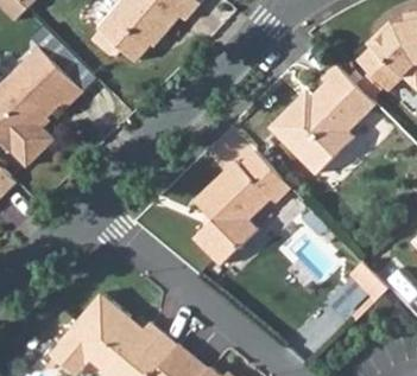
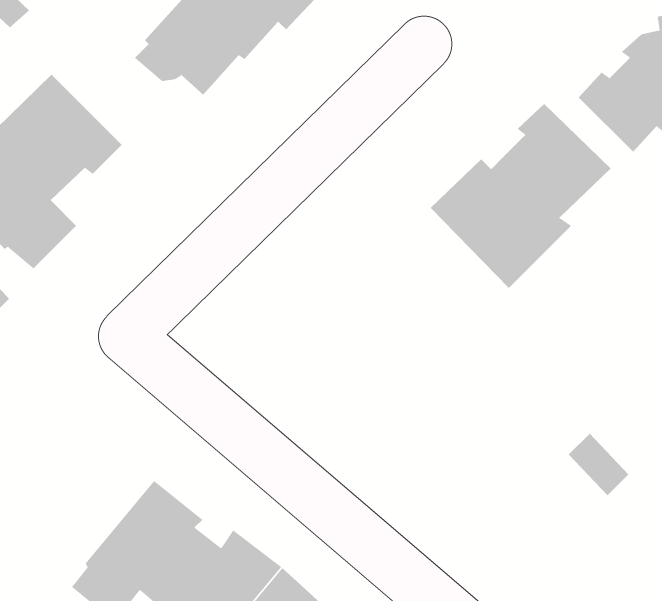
building: [192,149,290,266] -> none

